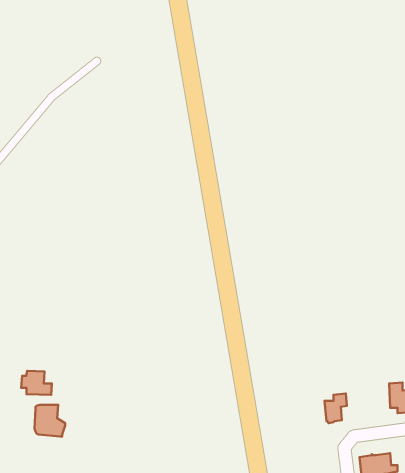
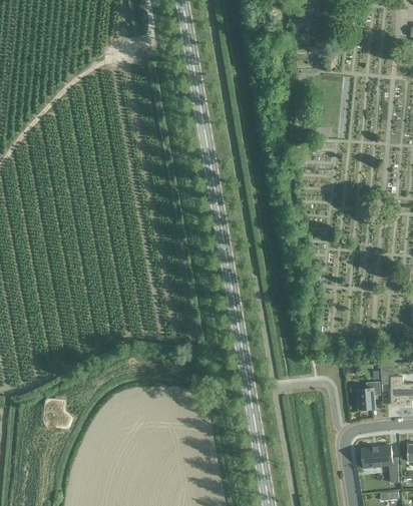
building: [21,371,52,395] -> none
building: [324,394,347,423] -> [358,382,380,411]

